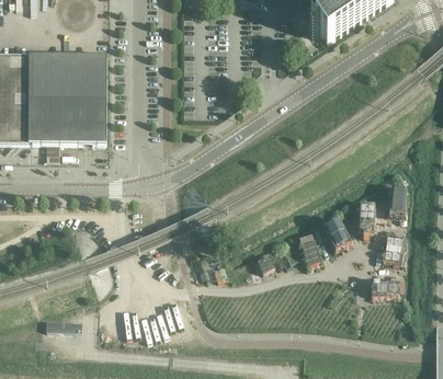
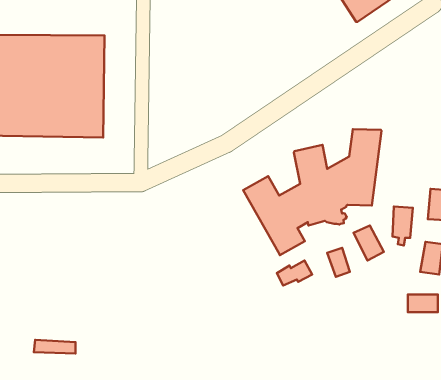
building: none -> [243,129,381,255]

